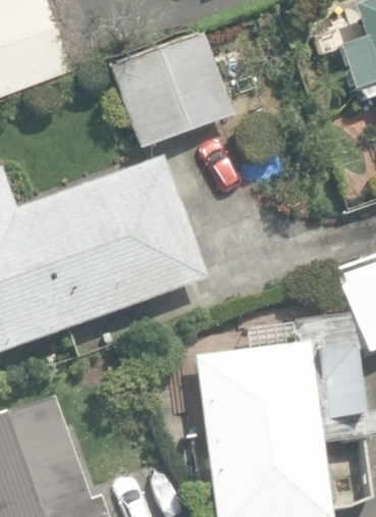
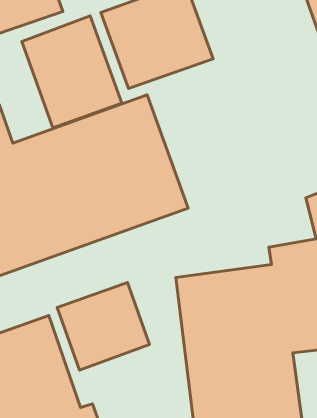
building: none -> [22,16,122,128]
building: none -> [57,282,150,370]

